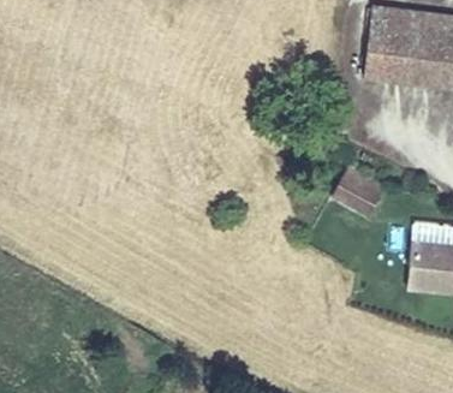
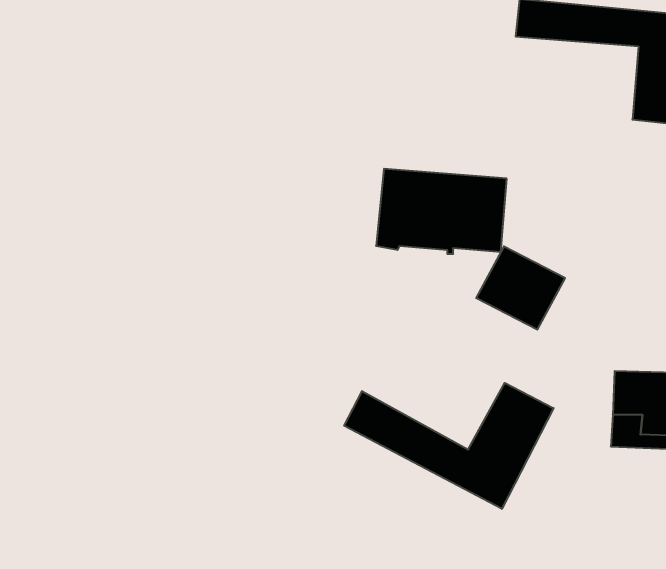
building: [354,38,434,90] -> [376,169,507,254]
building: none -> [344,383,554,509]

